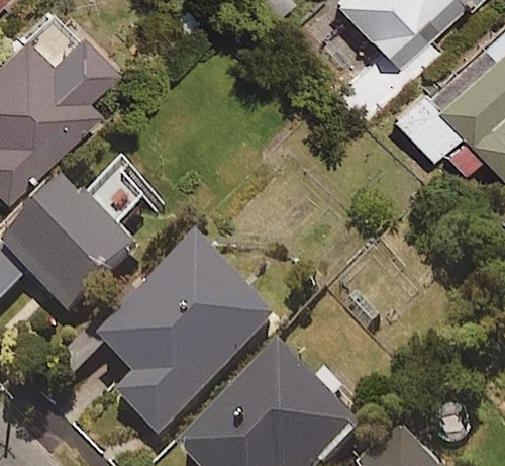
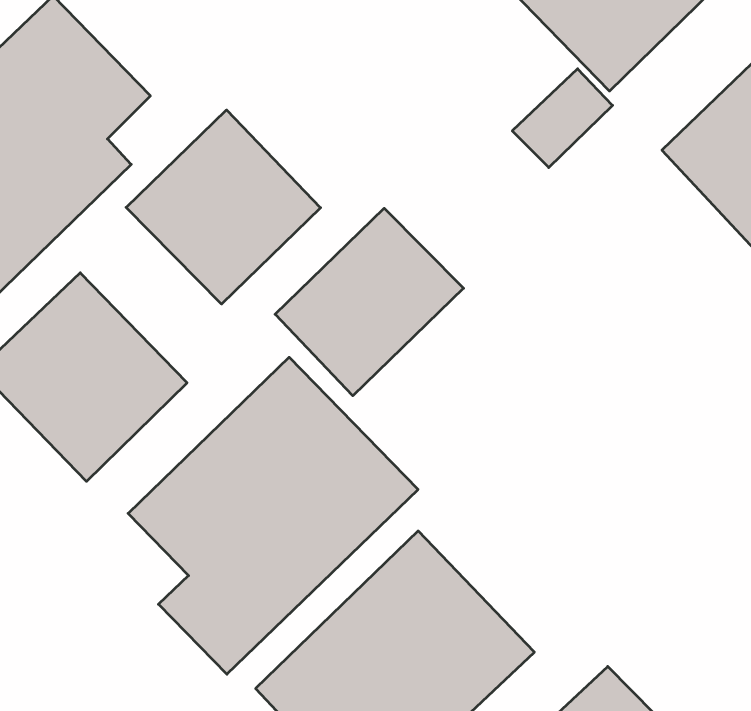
building: none -> [126,110,321,304]
building: none -> [275,208,464,396]

